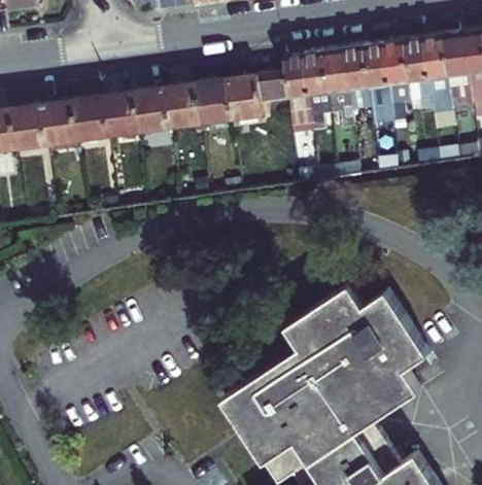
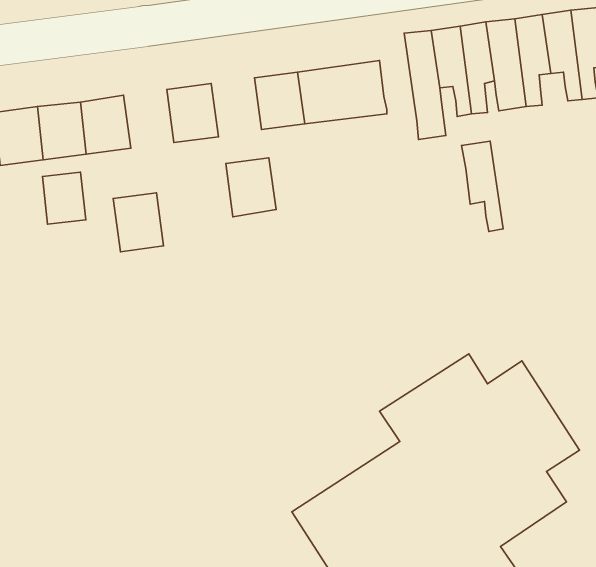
building: [282,54,312,118] -> [462,141,503,232]
building: [165,85,201,128] -> [226,158,276,217]
building: [102,94,138,136] -> [113,193,164,252]
building: none -> [42,172,86,224]

